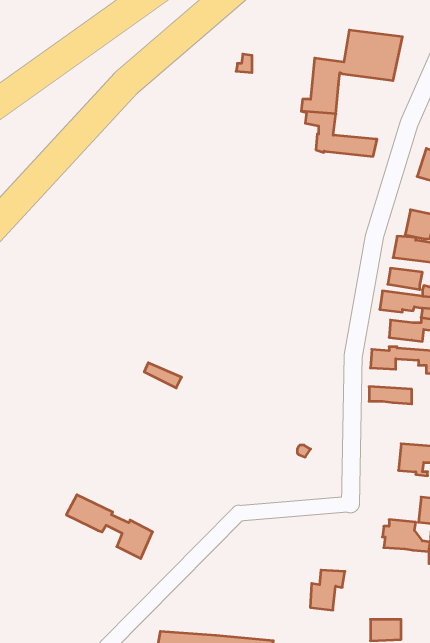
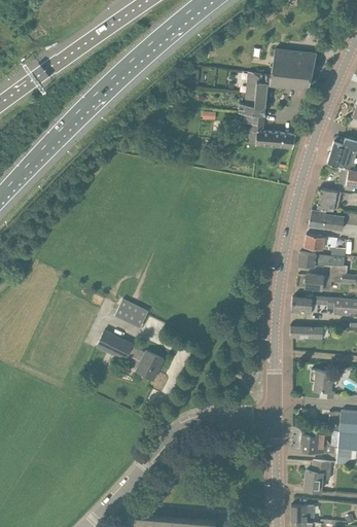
building: [66,495,153,559] -> [97,330,164,380]
building: [310,570,345,610] -> [305,460,331,491]

